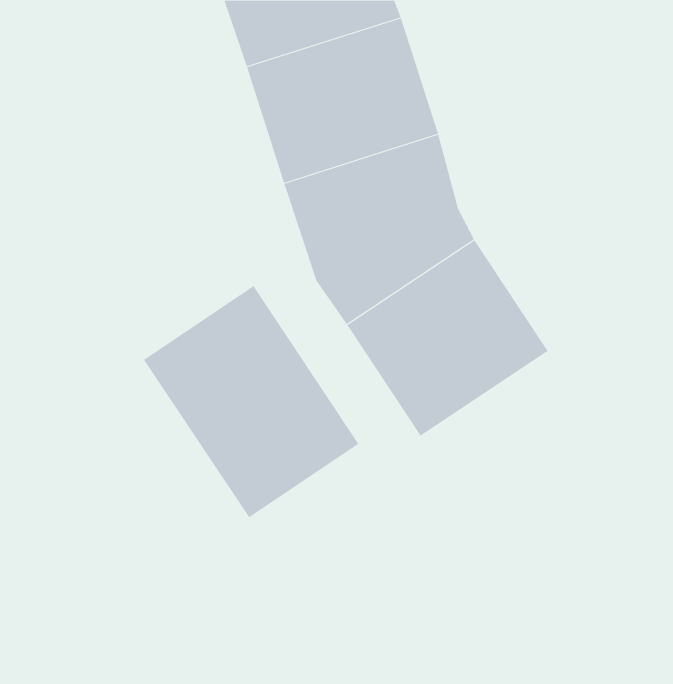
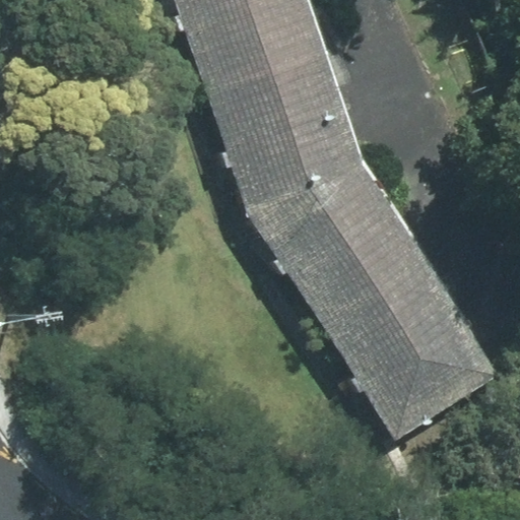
building: [143,285,359,518] -> none
building: none -> [327,266,495,436]

